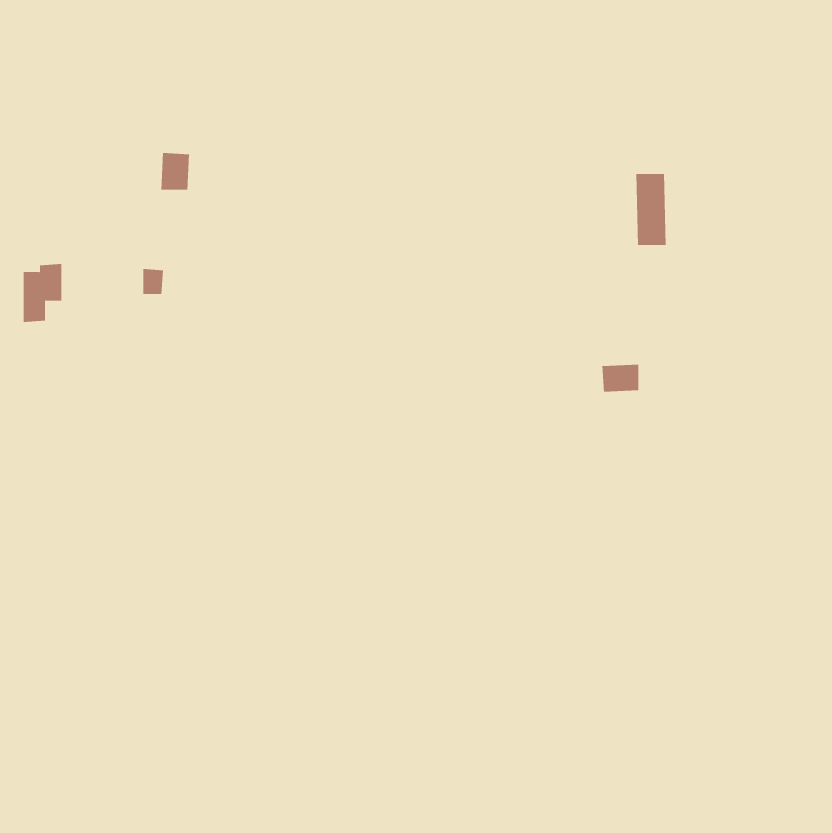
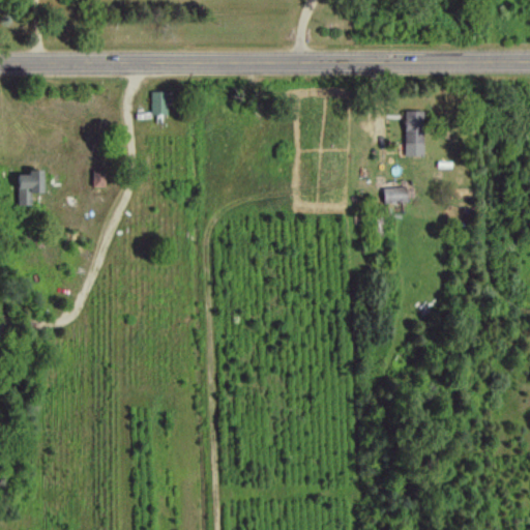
building: [160,153,190,190] -> [151,92,170,116]
building: [602,364,639,392] -> [383,187,407,205]

